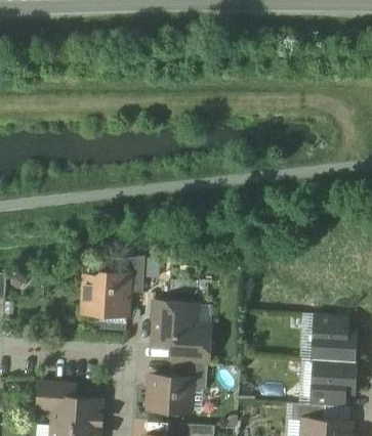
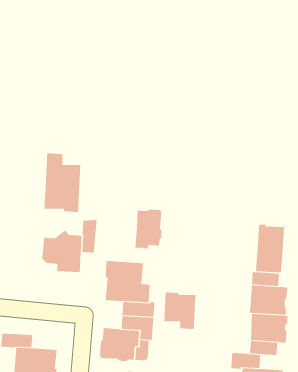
building: none -> [44,152,81,213]
building: none -> [135,209,162,249]
building: none -> [256,224,284,273]
building: none -> [164,292,196,330]

